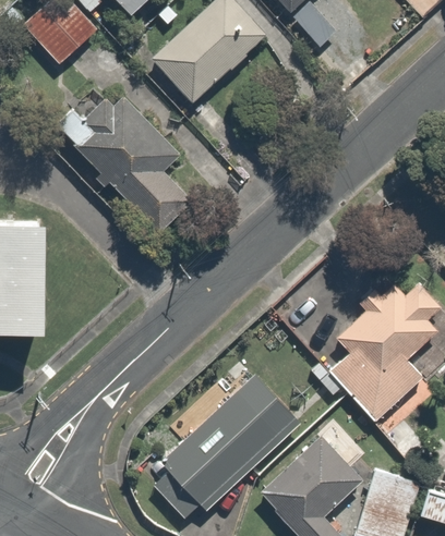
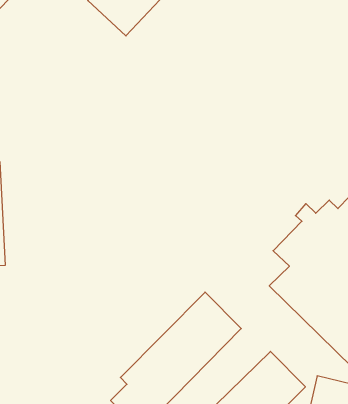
building: [63,87,195,232] -> none

